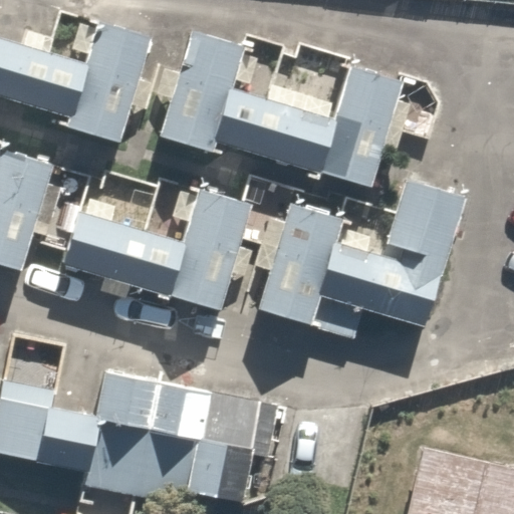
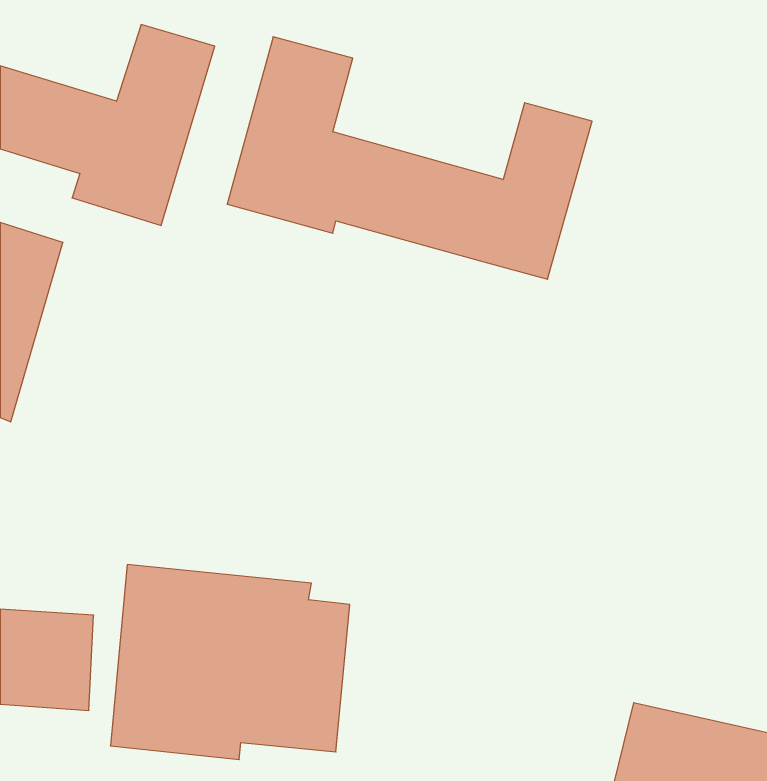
building: [258,181,469,333] -> none
building: [57,186,241,304] -> none

